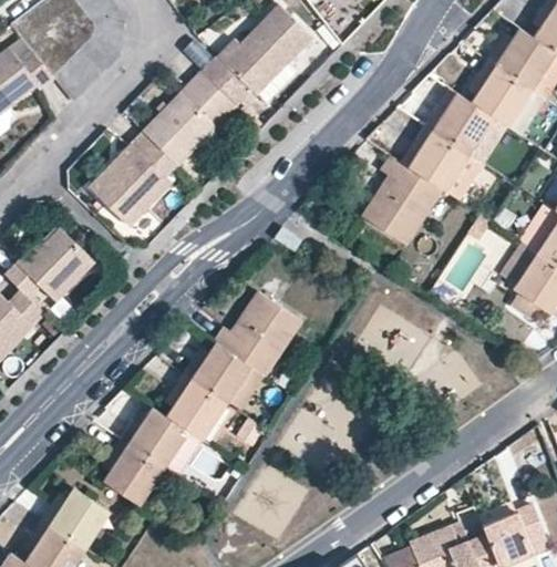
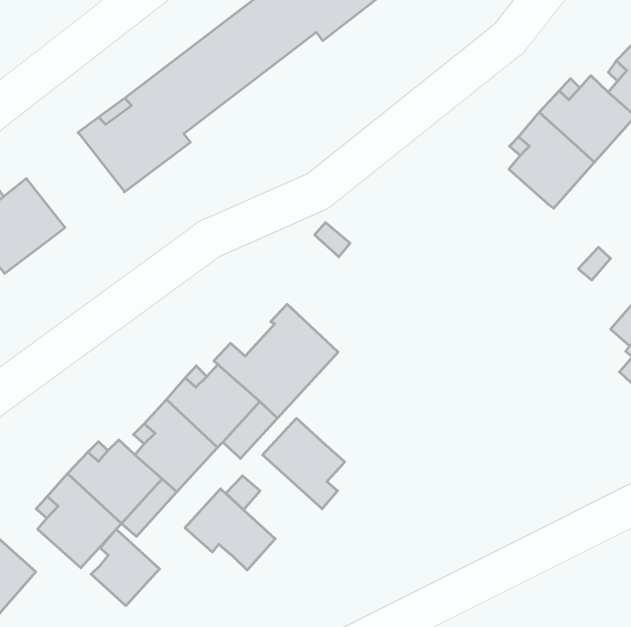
building: [361,156,439,244] -> none
building: none -> [263,418,345,509]
building: none -> [185,489,275,570]
building: none -> [91,529,160,606]

